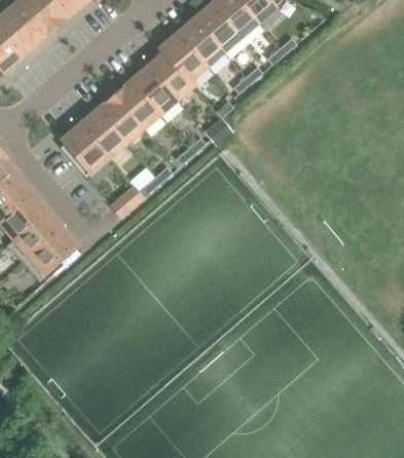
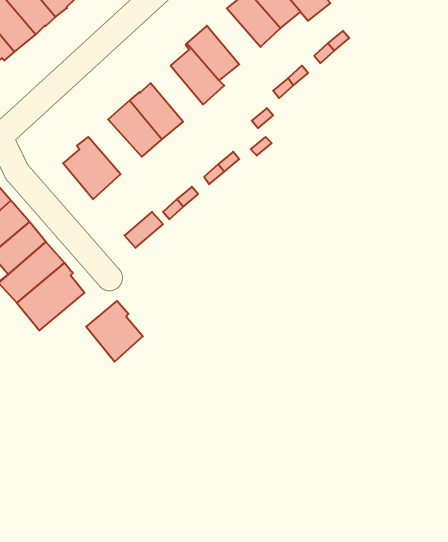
building: [179,18,223,65] -> none
building: [133,66,176,112] -> none
building: [81,110,125,155] -> none
building: none -> [86,301,143,362]

